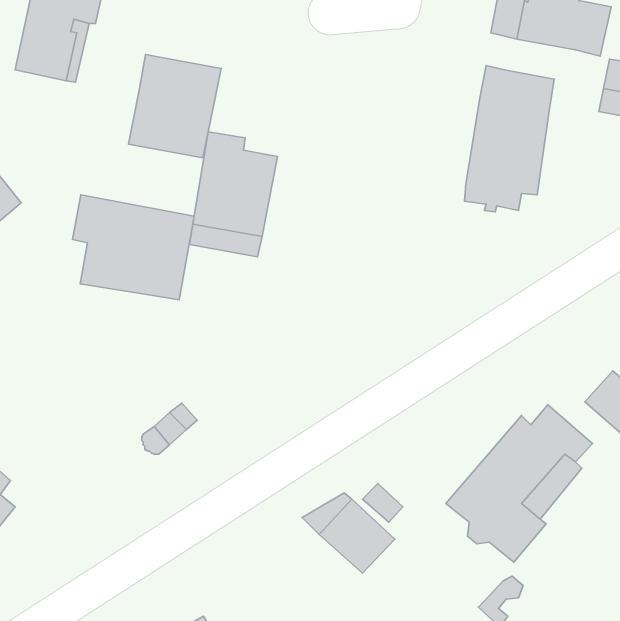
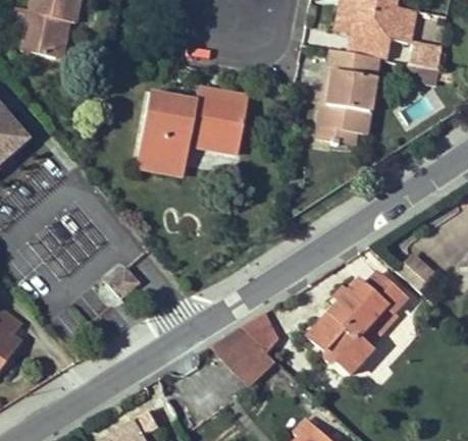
building: none -> [346,31,393,59]
building: [129,55,221,158] -> [189,86,250,154]
building: [72,195,194,300] -> none

